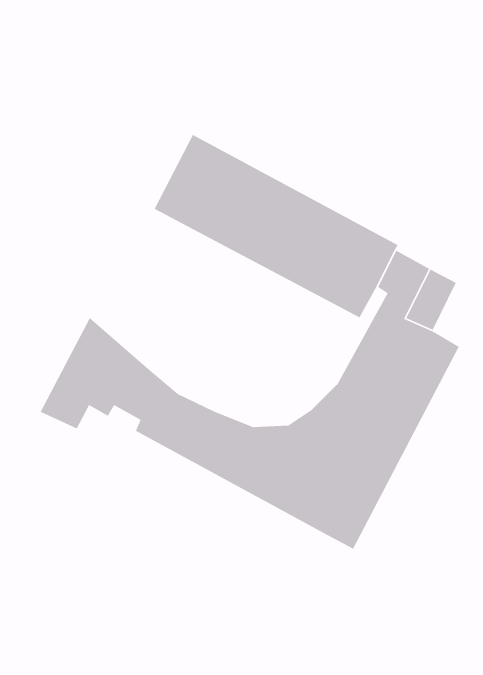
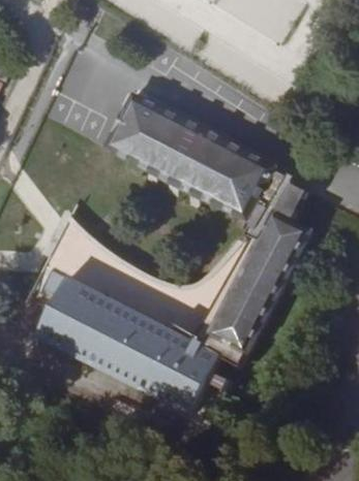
building: none -> [29,272,217,412]

